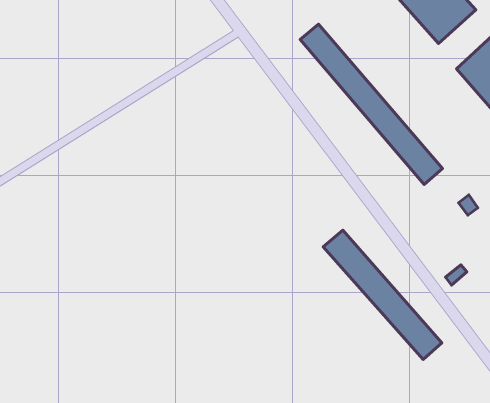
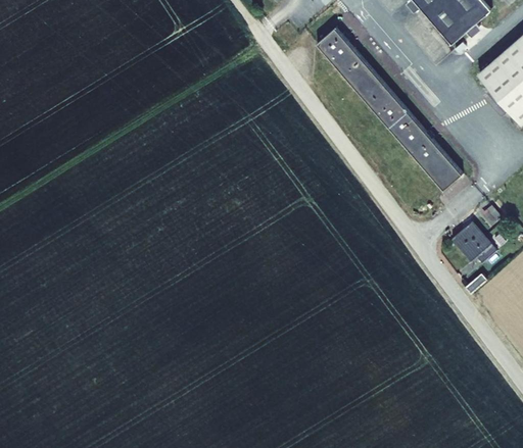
building: none -> [454,222,495,261]
building: [323,230,442,360] -> none

